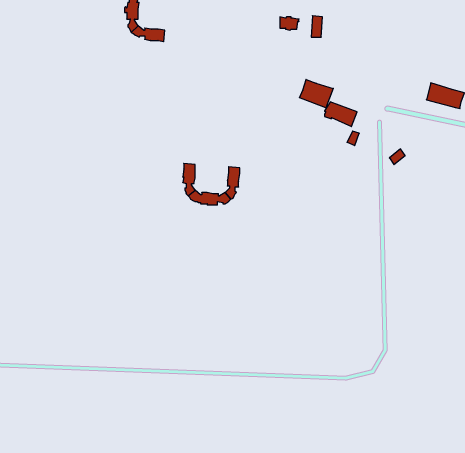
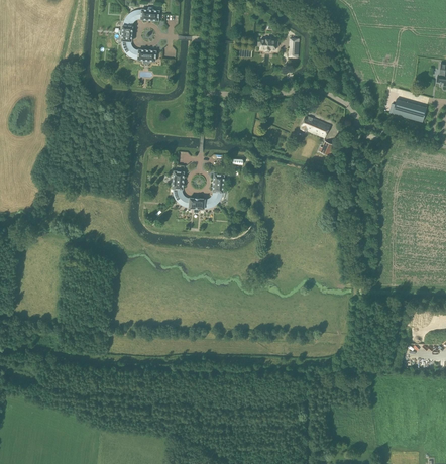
building: [300,79,333,108] -> none

